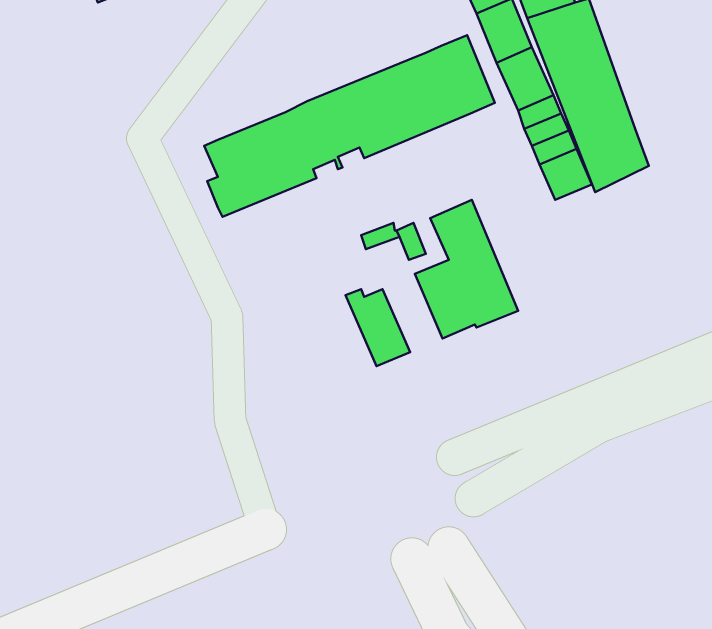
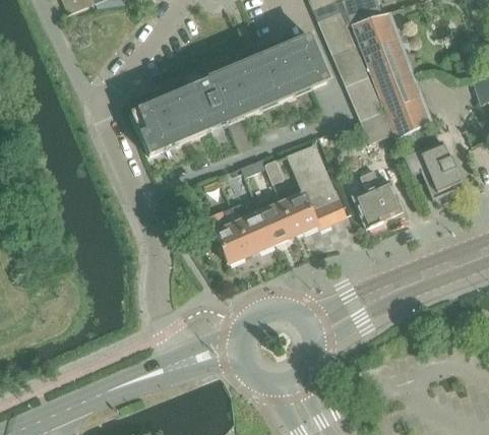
building: none -> [405,139,462,199]
building: none -> [353,170,404,229]
building: none -> [256,192,296,244]
building: none -> [205,206,252,263]

